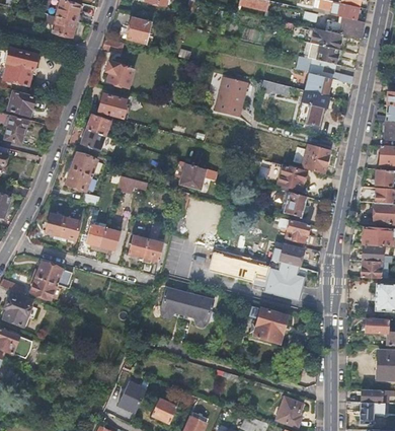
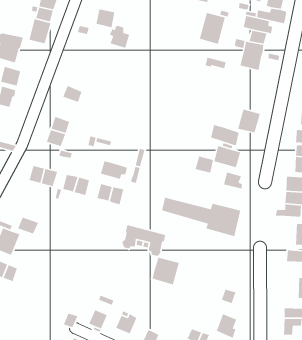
building: none -> [28,18,52,44]
building: [106,58,133,87] -> [109,25,130,49]
building: [215,76,248,117] -> [199,12,226,45]
building: [296,88,330,128] -> none
building: [98,94,128,118] -> none
building: [80,129,105,153] -> none
building: [179,162,205,190] -> none
building: none -> [100,161,128,180]
building: [279,244,303,267] -> [194,156,214,174]
building: [35,261,70,288] -> none
building: [251,307,287,343] -> [151,257,180,285]

